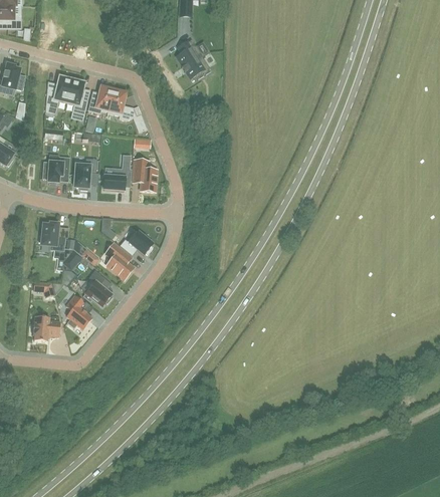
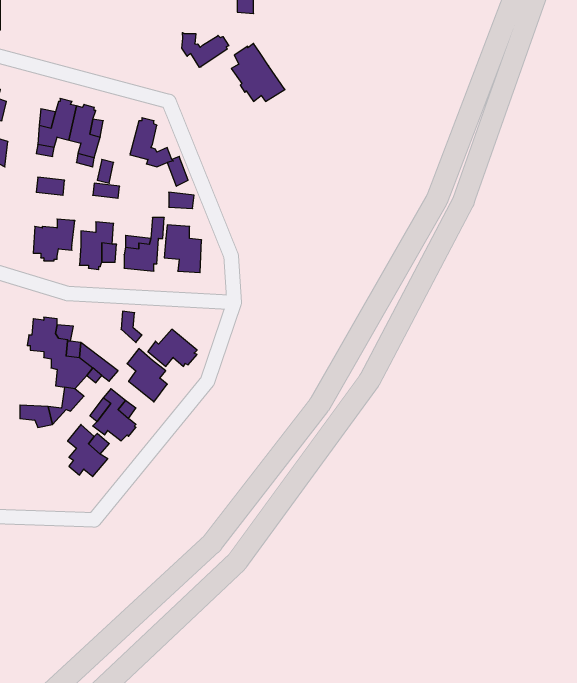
building: none -> [182,33,229,67]
building: [87,84,113,113] -> none
building: [31,316,59,341] -> none

